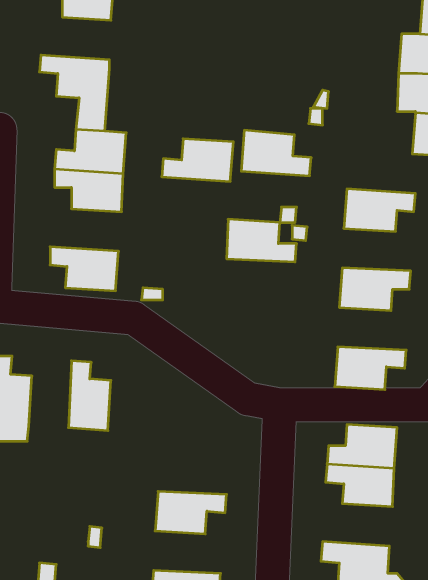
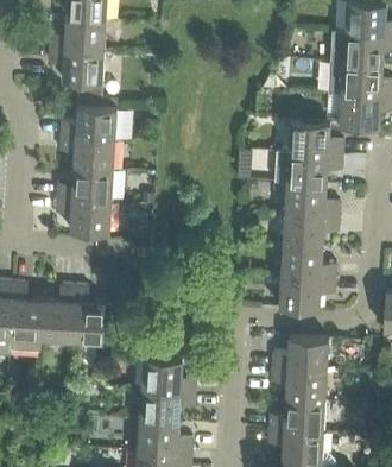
building: none -> [50,20,105,53]
building: [241,130,311,176] -> [289,122,343,158]
building: [162,139,233,181] -> [57,170,113,203]
building: [227,219,297,262] -> [285,185,340,219]
building: none -> [282,247,336,280]
building: none -> [40,288,74,341]
building: none -> [141,359,195,393]
building: none -> [270,400,324,434]
building: none -> [138,422,191,455]

